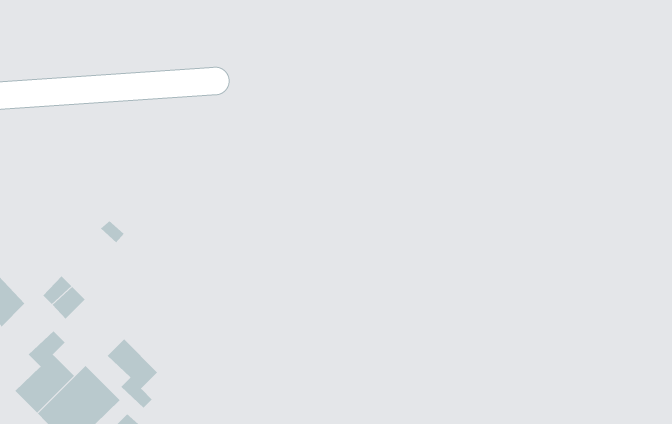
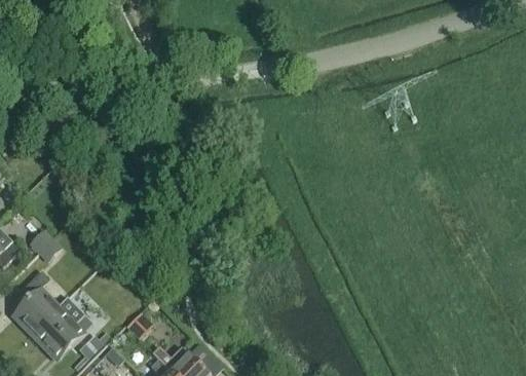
building: [107,338,158,409] -> none

